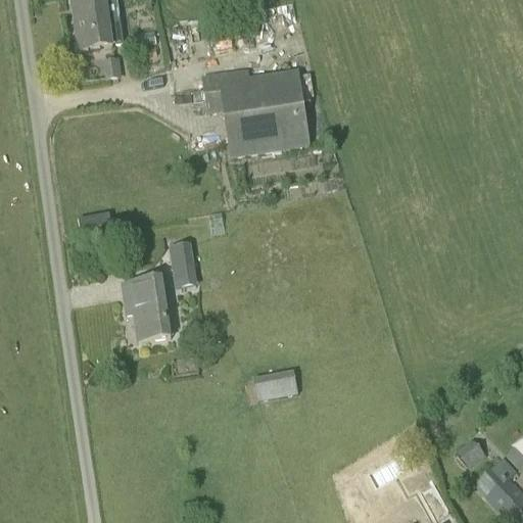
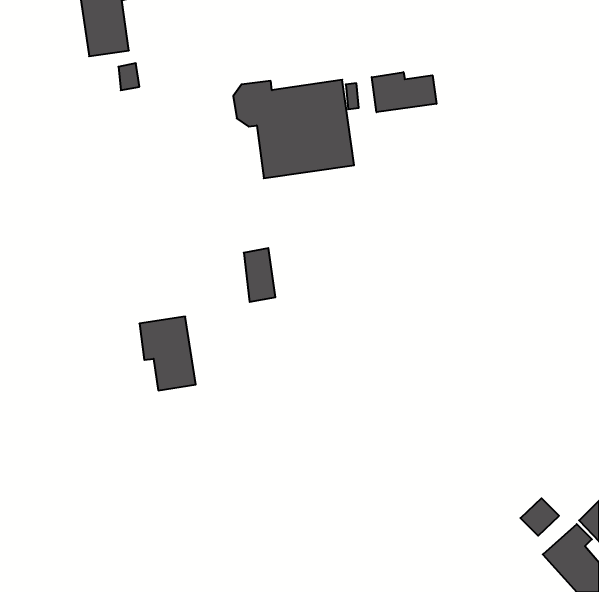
building: none -> [372,72,436,112]
building: [169,241,196,288] -> [244,248,275,302]
building: [252,369,297,399] -> none

